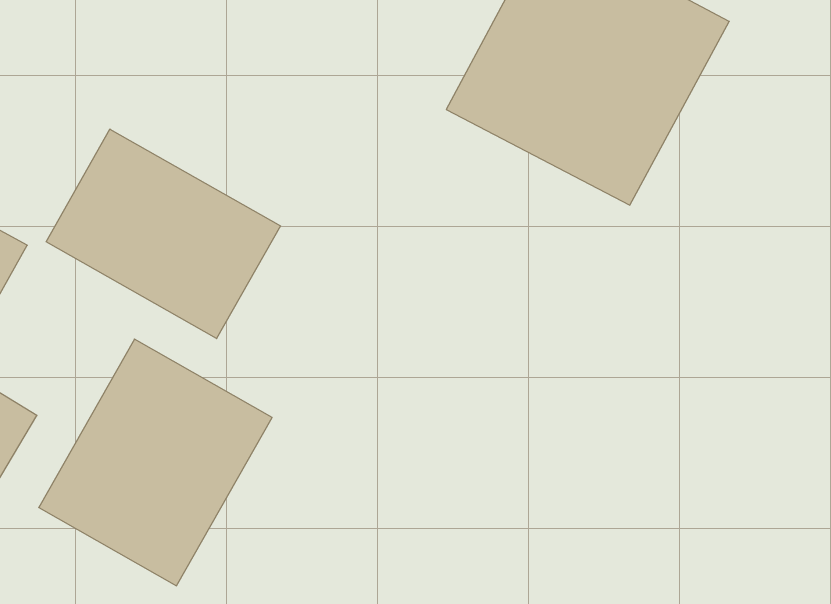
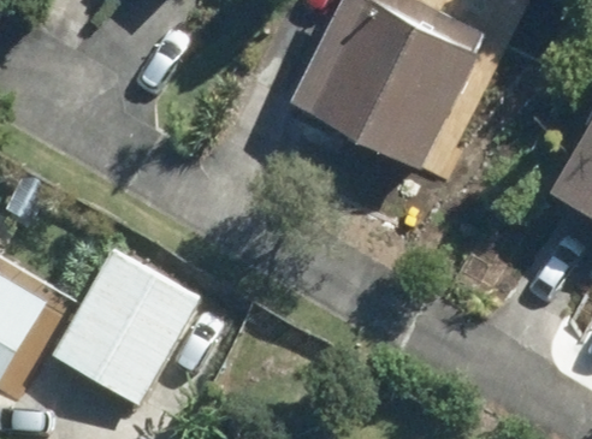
building: [46,129,280,339] -> none

